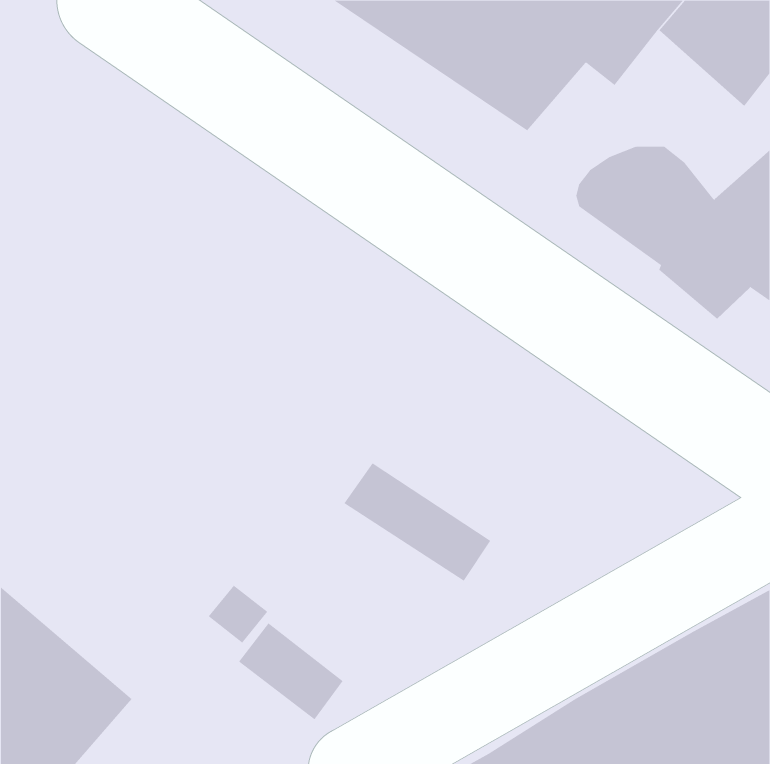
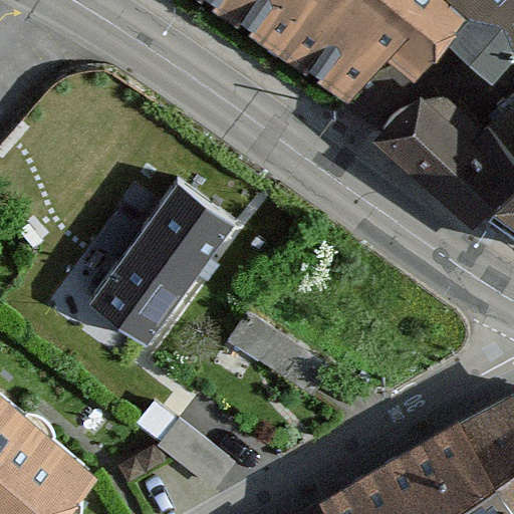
building: none -> [88,180,233,342]

